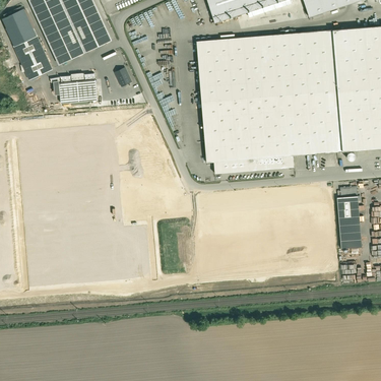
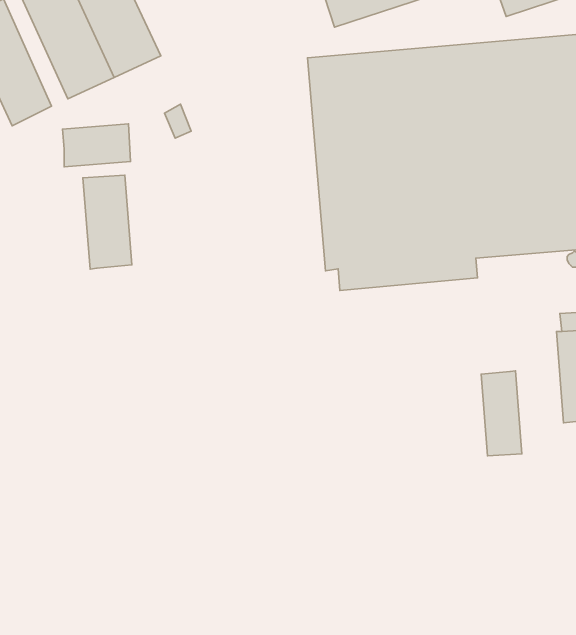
building: none -> [83,175,132,269]
building: none -> [481,371,522,456]

